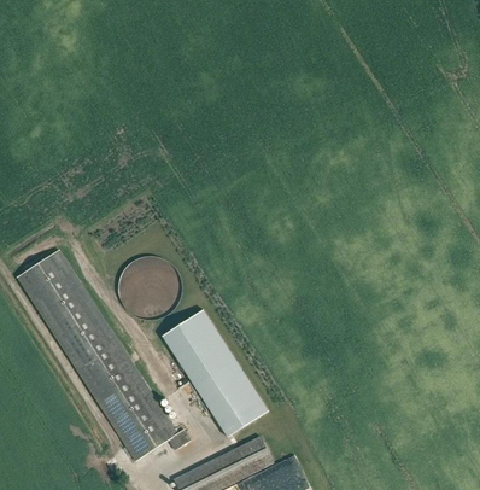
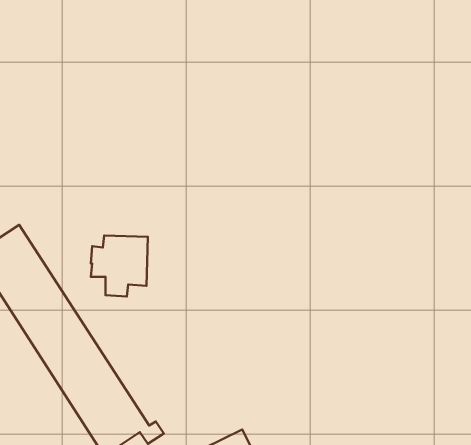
building: [162,309,268,437] -> none

